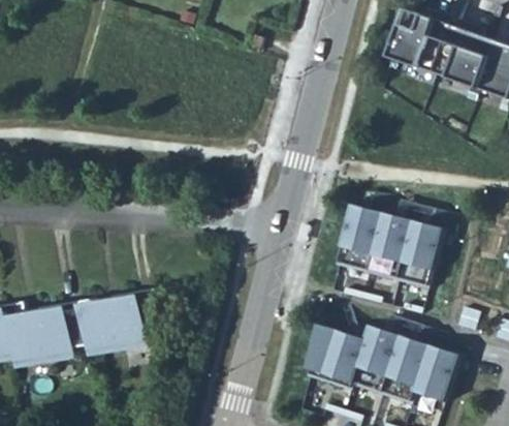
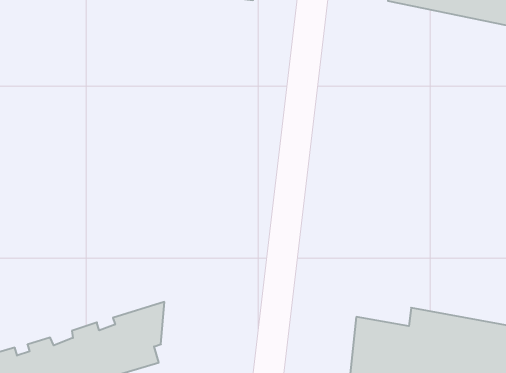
building: [333,204,440,286] -> none

